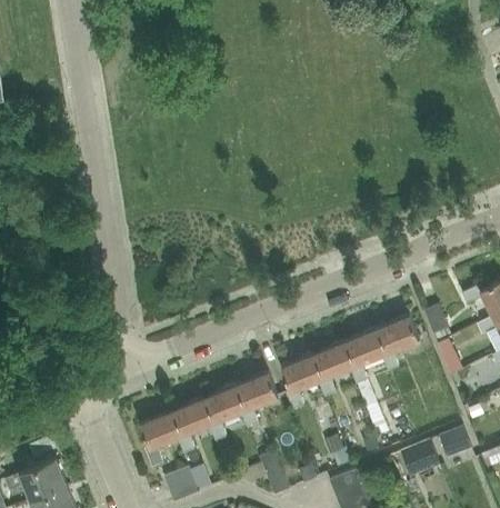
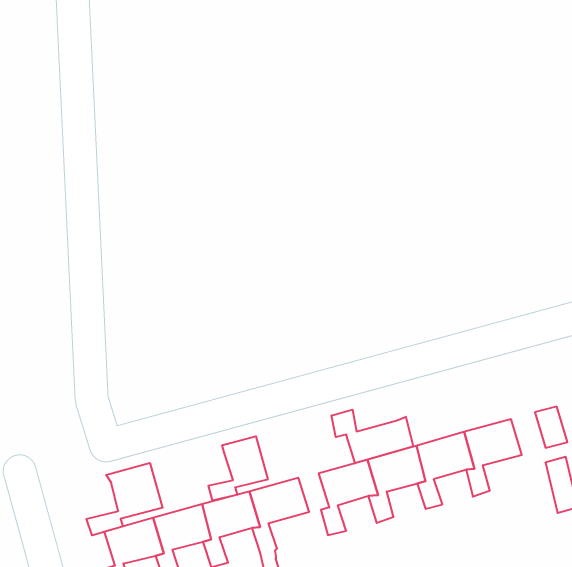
building: none -> [332,410,413,463]
building: none -> [208,436,268,500]
building: none -> [86,463,163,535]

